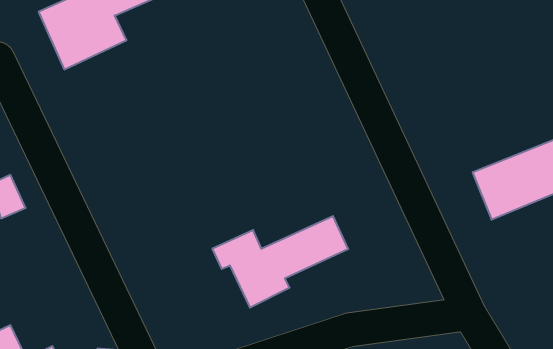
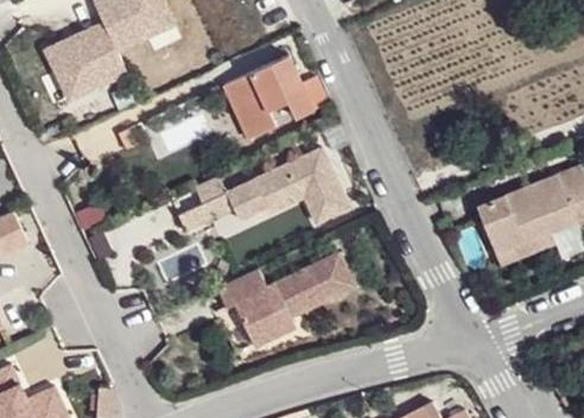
building: none -> [220,55,310,140]
building: none -> [176,148,347,232]

